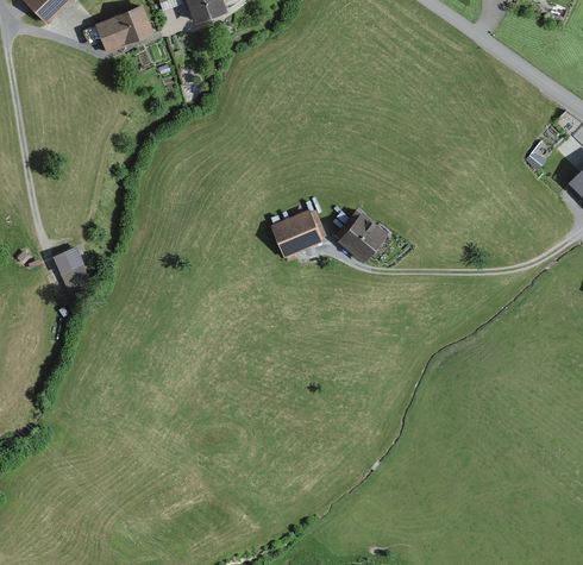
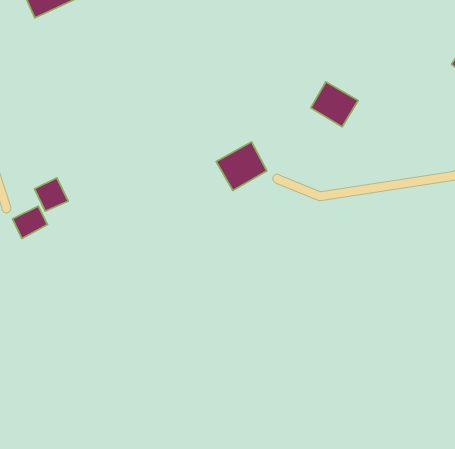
building: [338,211,388,259] -> [311,82,358,127]
building: none -> [34,178,68,211]

